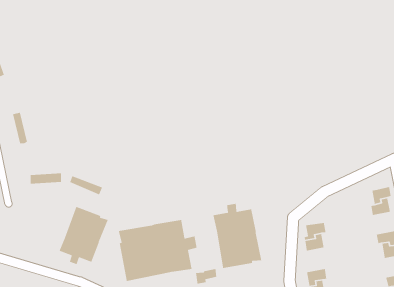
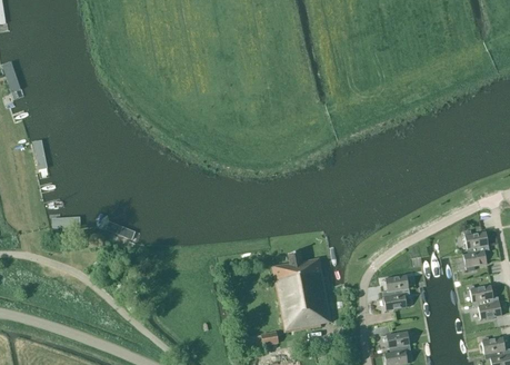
building: [59,206,109,265] -> none
building: [118,219,198,282] -> none

